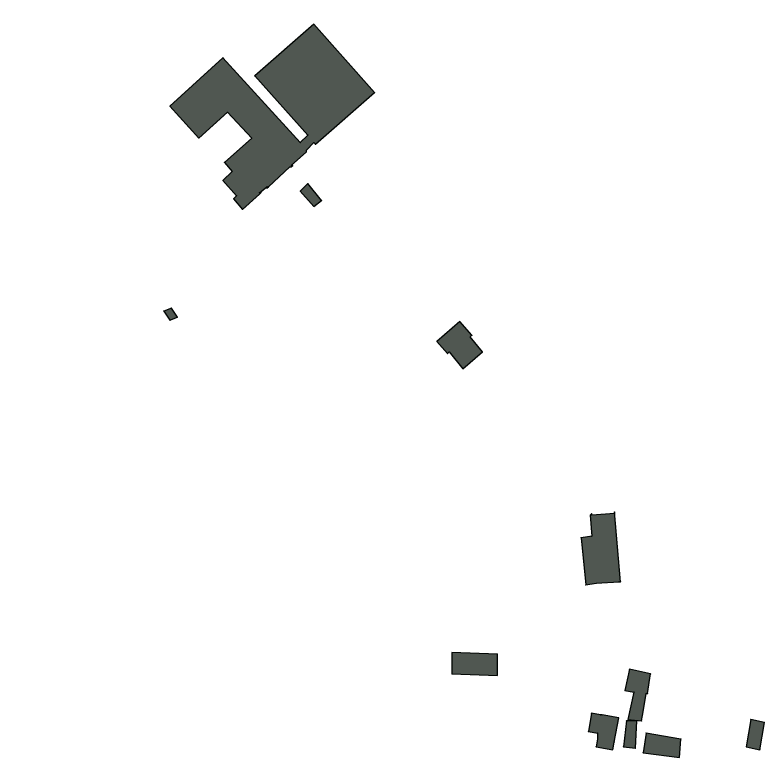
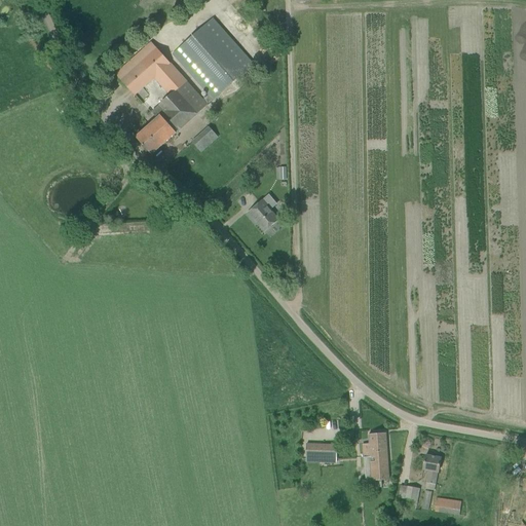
building: none -> [136,122,164,153]
building: [437,322,482,369] -> [248,197,278,229]
building: [581,512,621,585] -> [363,430,389,480]

